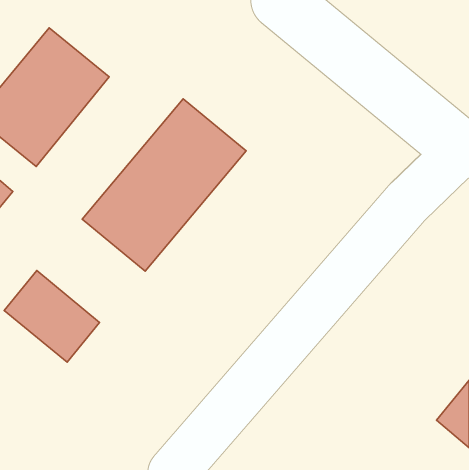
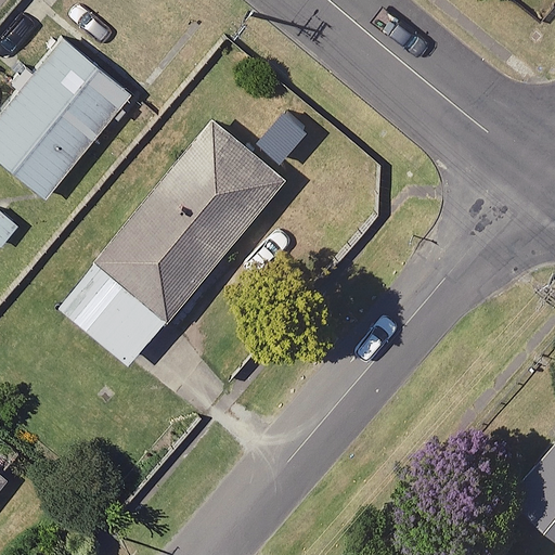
building: [4,271,100,362] -> [59,260,170,367]

